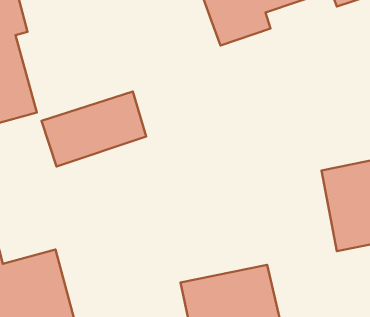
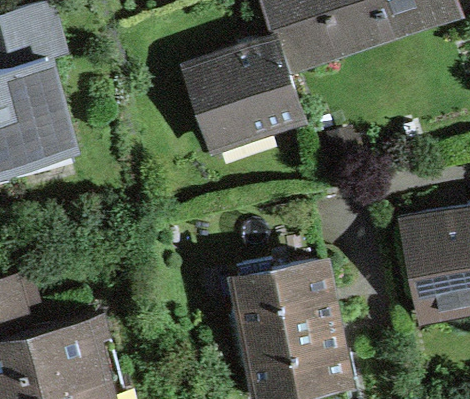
building: none -> [188,41,302,142]
building: [42,92,146,166] -> none
building: none -> [228,264,343,350]

